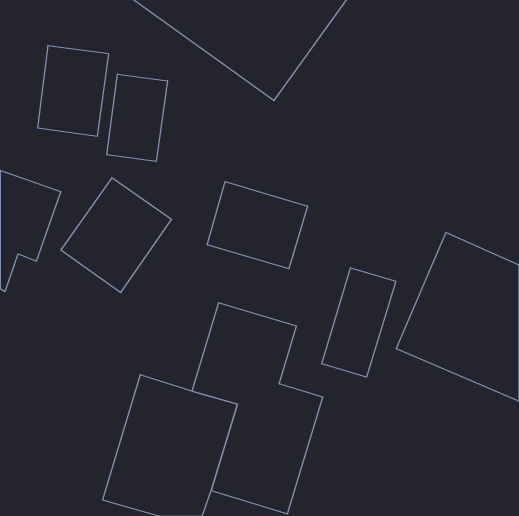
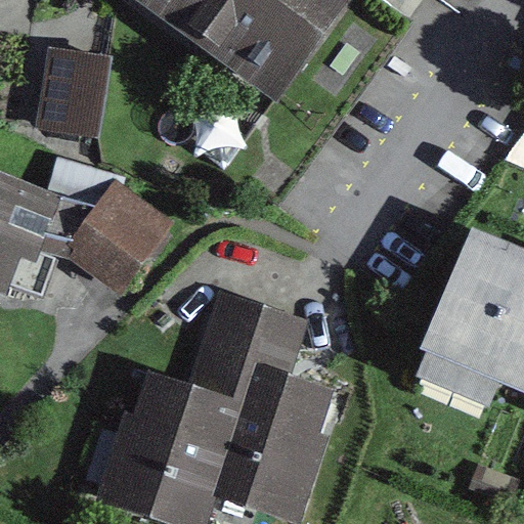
building: [107,74,167,161] -> none
building: [207,182,308,269] -> none
building: [322,268,396,377] -> none

